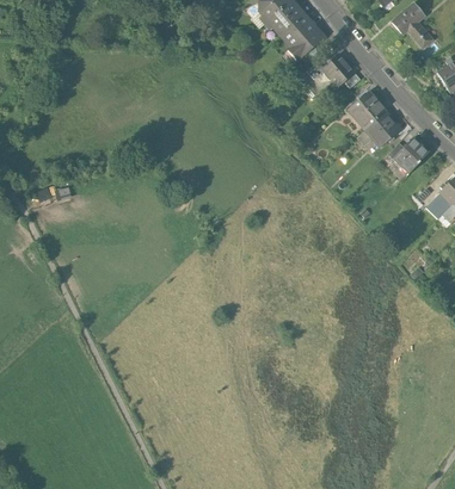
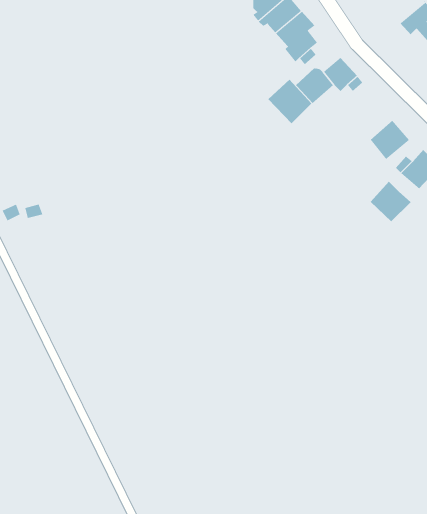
building: none -> [268,79,312,124]
building: [346,91,385,130] -> none
building: none -> [370,181,412,222]

